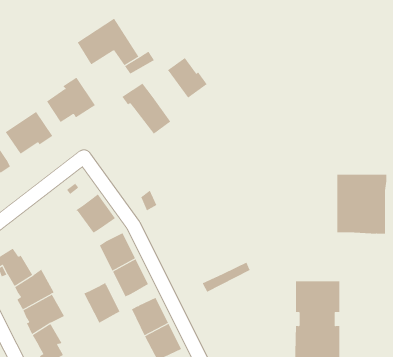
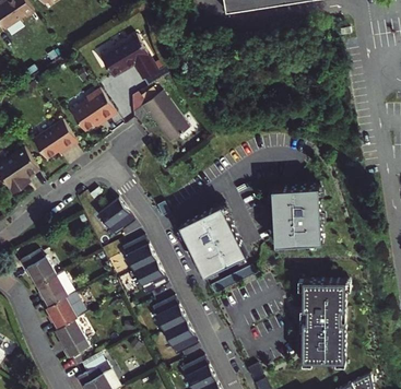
building: [167,57,208,98] -> none
building: [336,174,387,234] -> [273,188,320,244]
building: none -> [184,200,249,269]
building: [83,282,120,323] -> none

